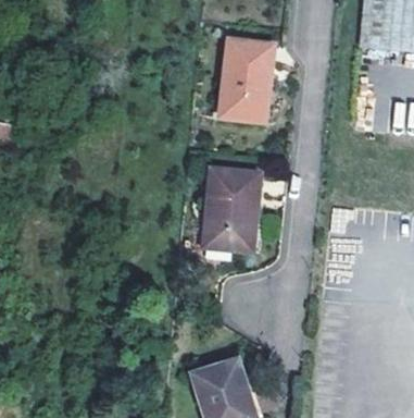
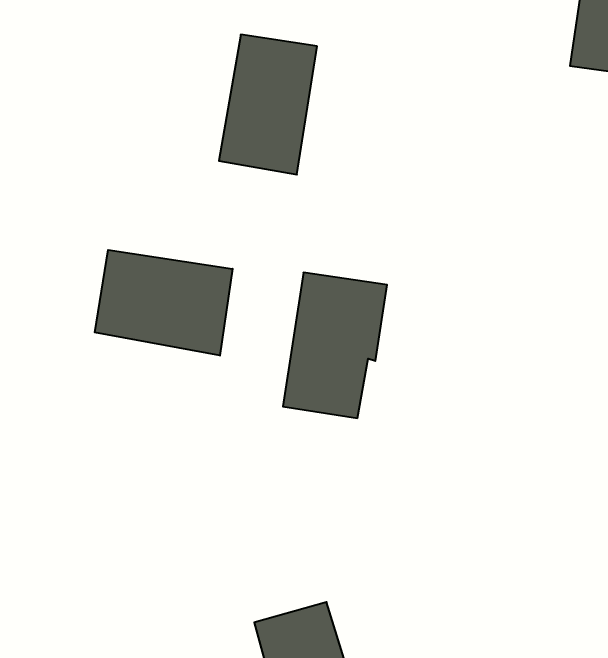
building: [221,44,274,123] -> [219,35,317,175]
building: none -> [95,250,233,356]

